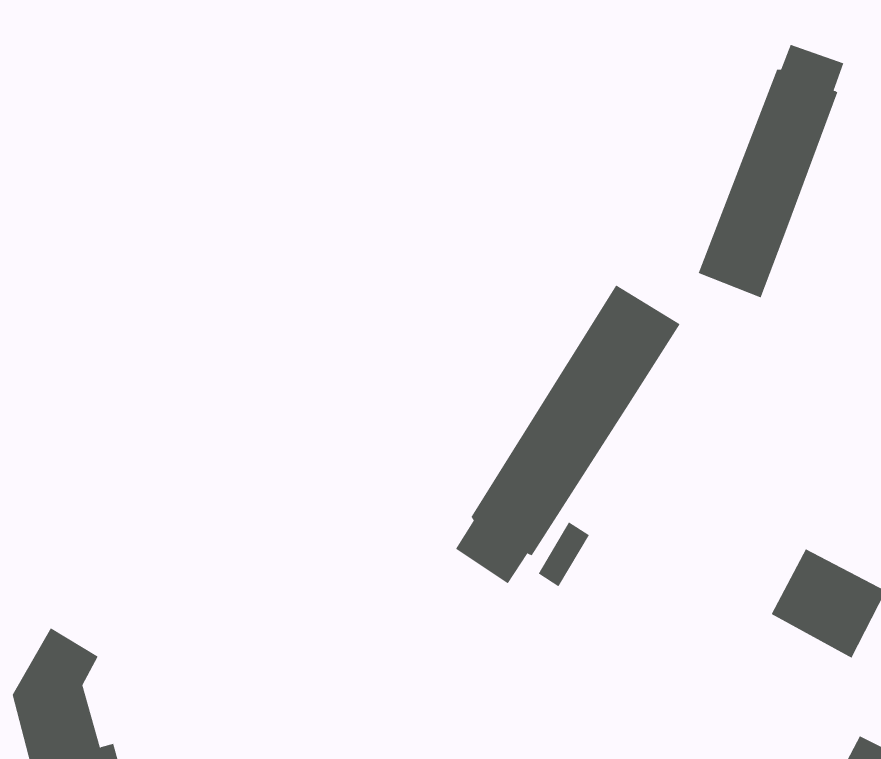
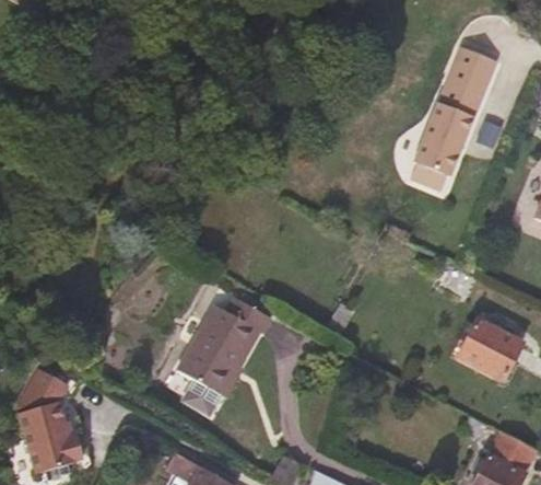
building: [455,284,680,584] -> none
building: none -> [180,296,272,412]

